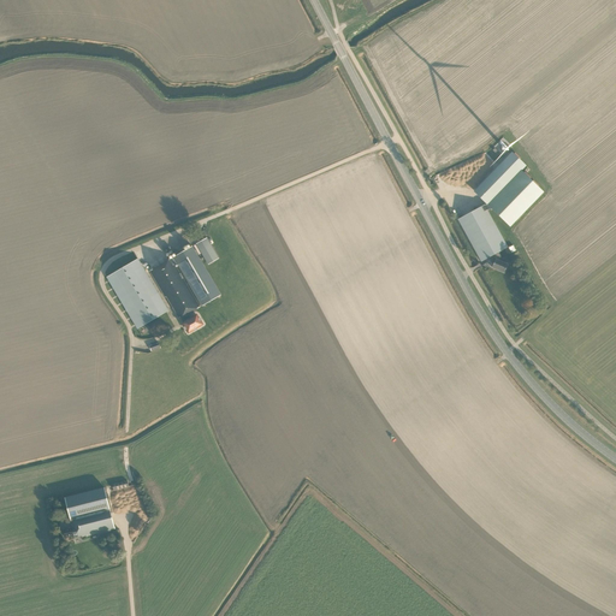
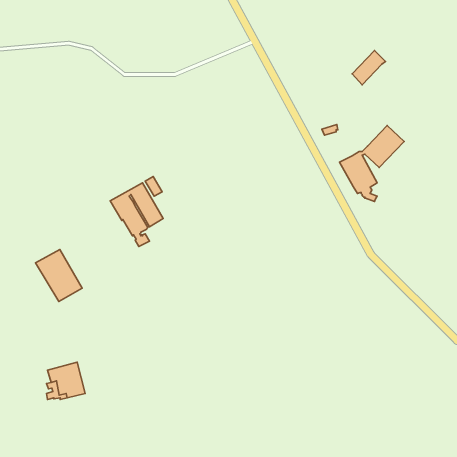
building: [480,150,525,196] -> [352,51,385,85]
building: [105,257,167,327] -> [36,249,82,301]

